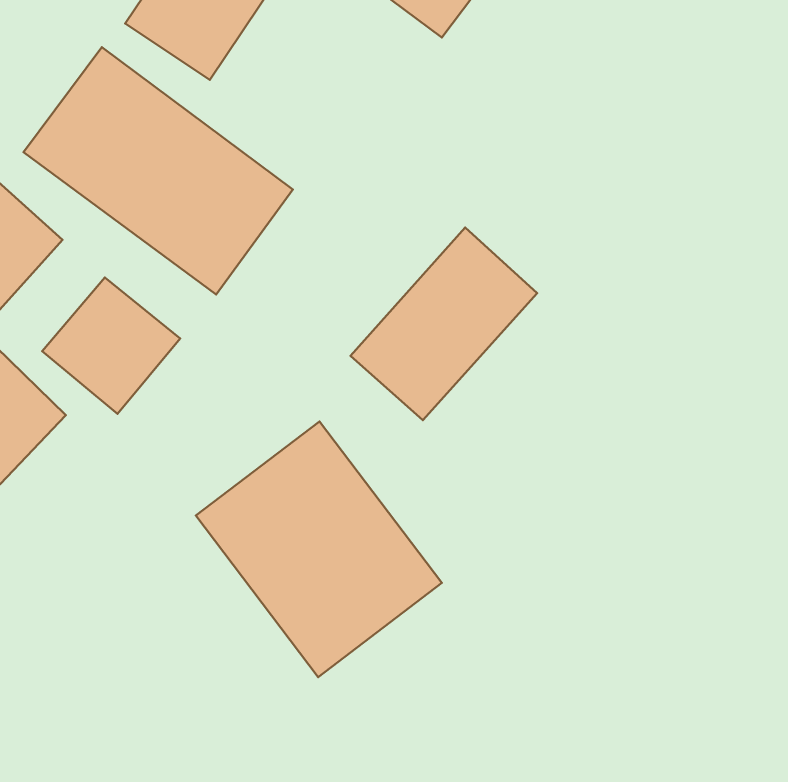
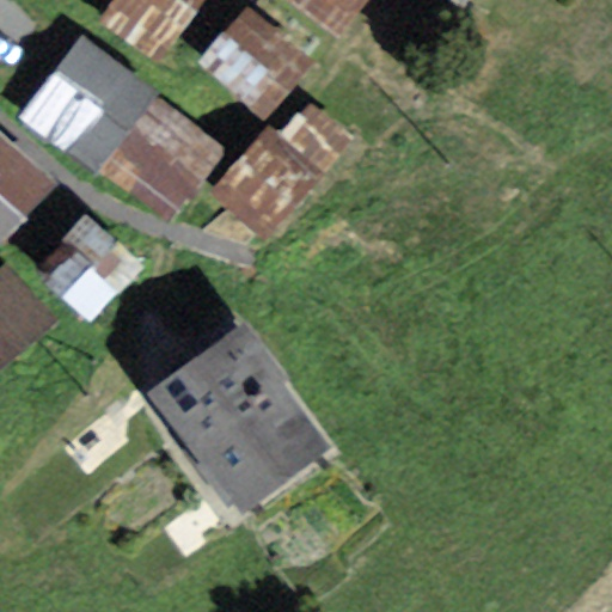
building: none -> [194,5,310,117]
building: [351,227,537,420] -> [208,93,350,240]

